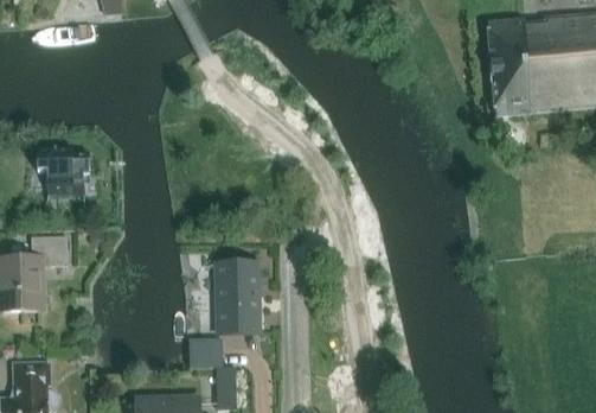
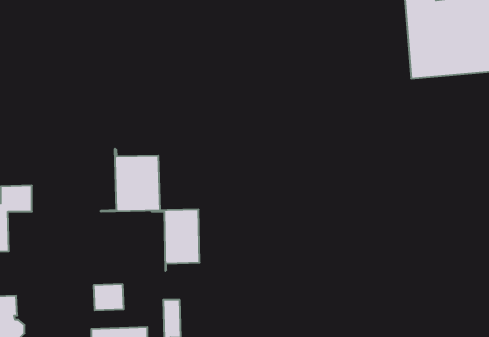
building: [37,148,89,192] -> none
building: none -> [101,149,160,212]
building: [188,338,223,368] -> [94,284,124,310]

